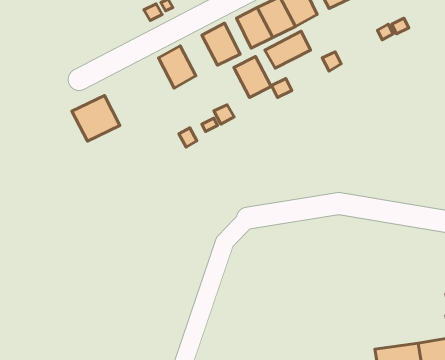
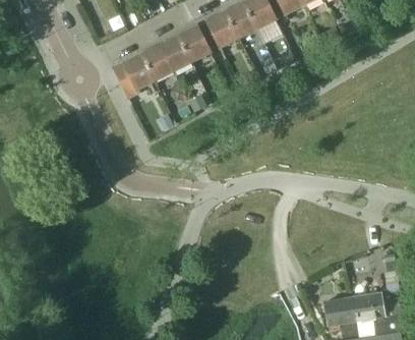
building: [265,31,310,68] -> none
building: [234,57,271,97] -> [159,36,190,70]
building: [72,95,120,141] -> [113,55,154,94]

